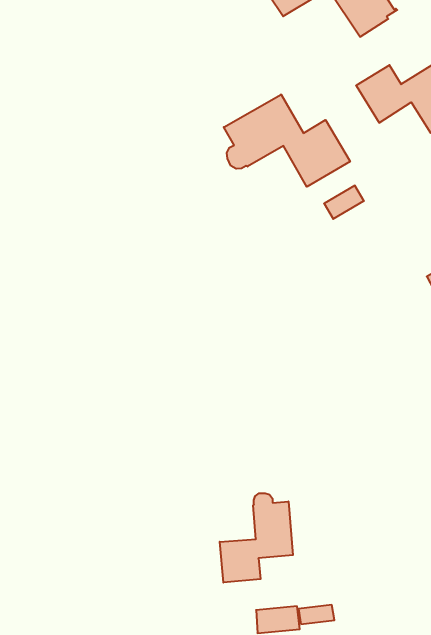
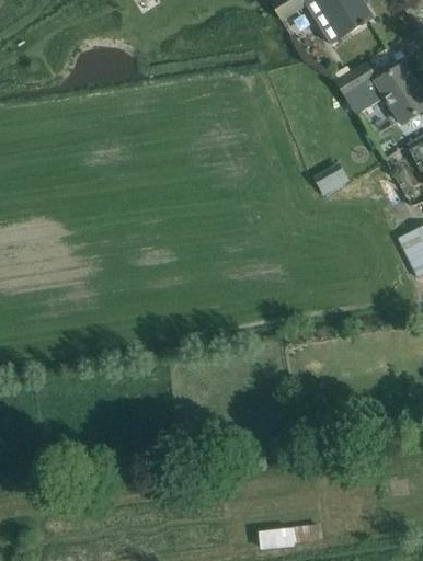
building: [224,94,350,187] -> none
building: [220,493,293,583] -> none

